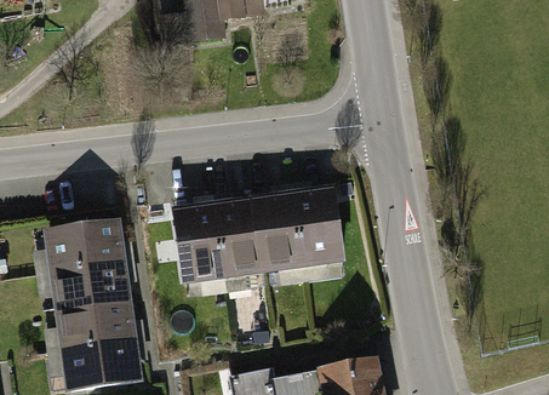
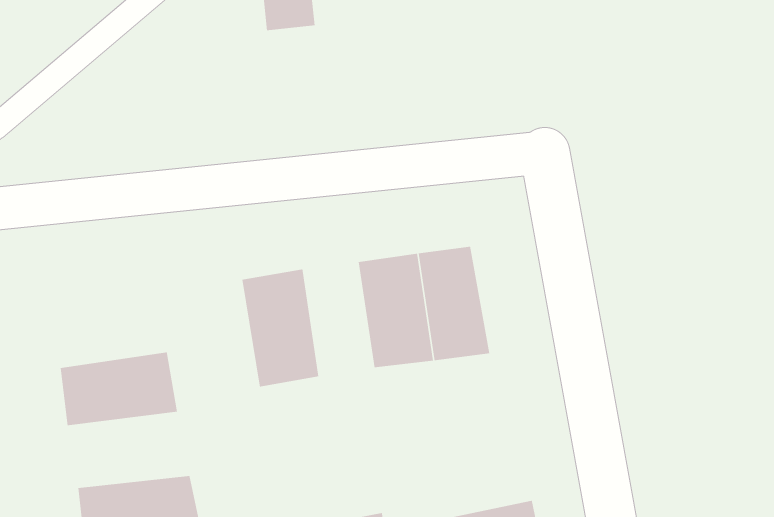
building: [216,196,264,275] -> none
building: [45,219,122,269] -> none
building: [53,299,138,351] -> none

